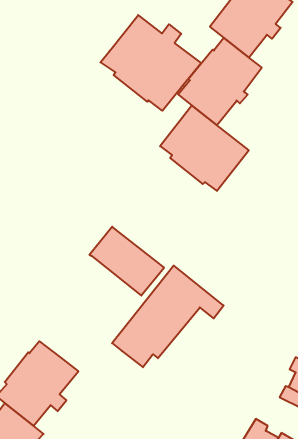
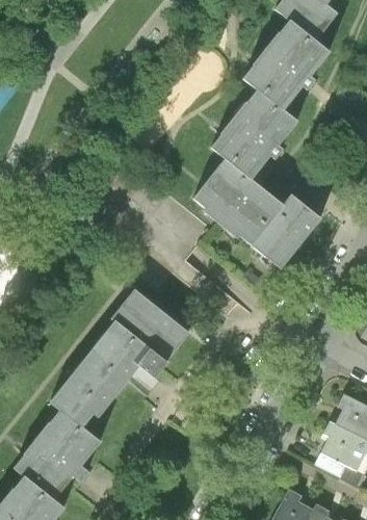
building: [100,15,201,111] -> none
building: none -> [248,200,318,274]
building: [112,266,224,367] -> [53,317,169,423]

